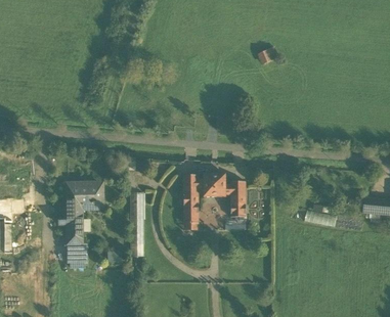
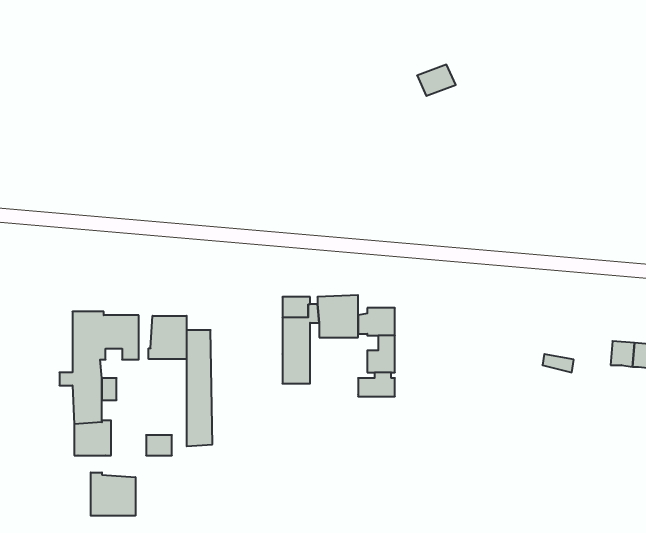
building: none -> [149,316,187,359]
building: none -> [91,472,135,516]

